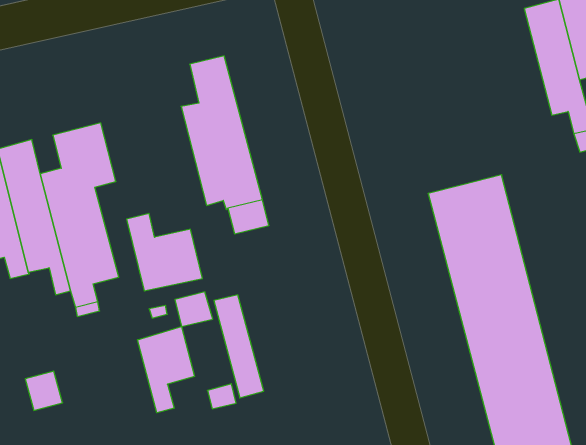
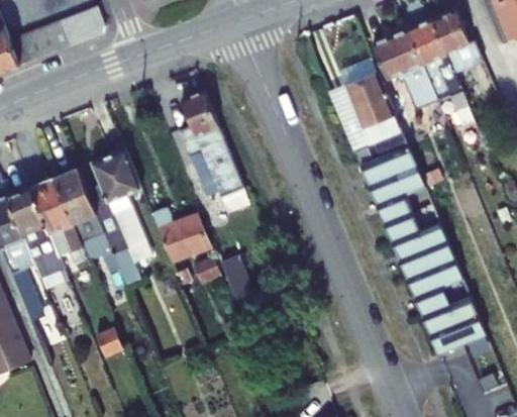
building: none -> [371,28,437,110]
building: none -> [343,71,408,158]
building: [138,326,195,413] -> none

